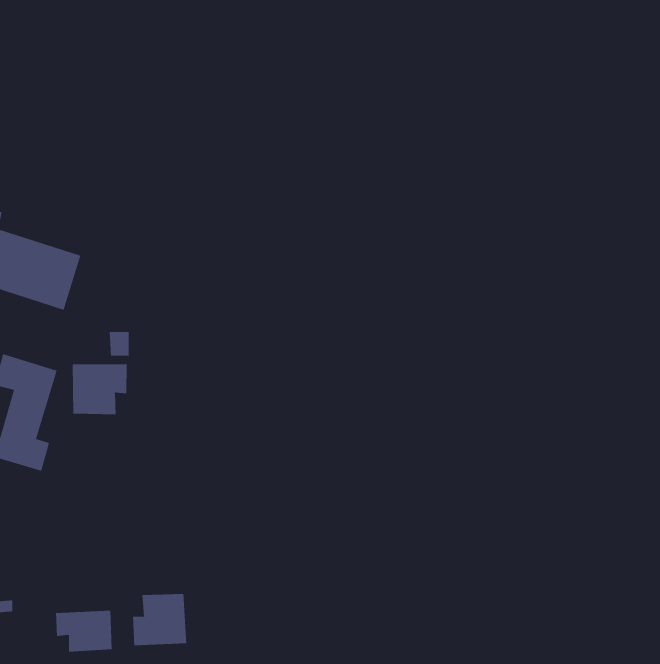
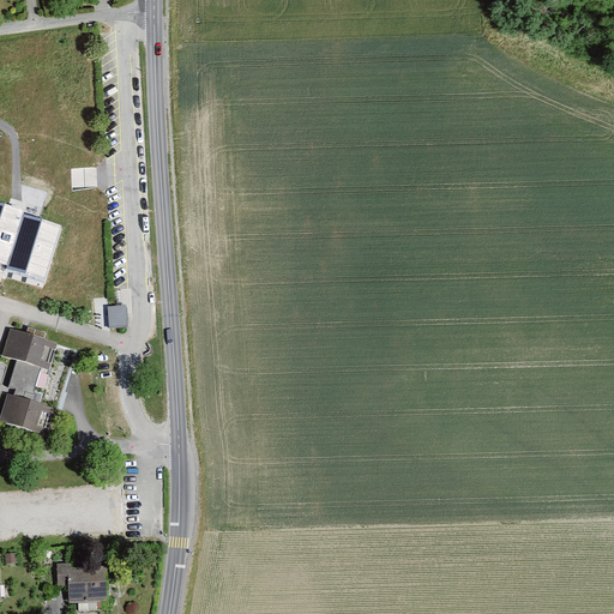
building: [72,364,127,415] -> none
building: [132,593,187,646] -> none

